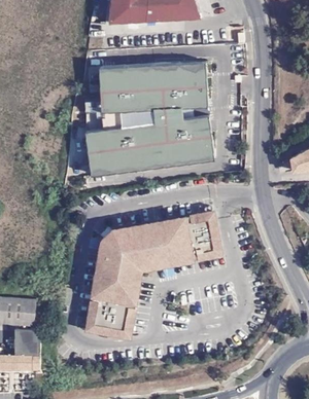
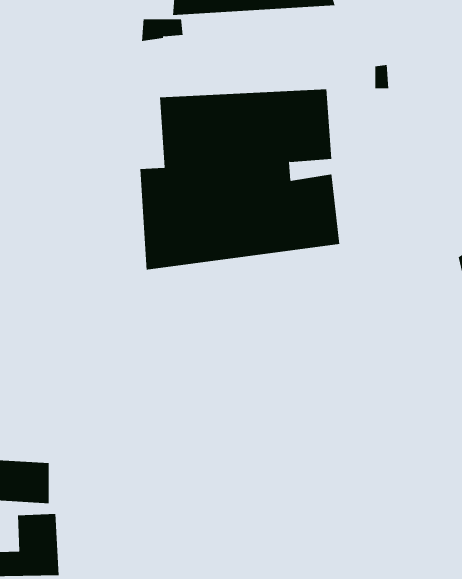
building: [84,212,216,333] -> none

